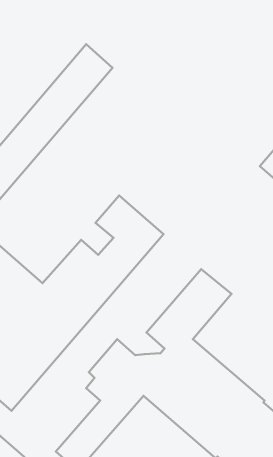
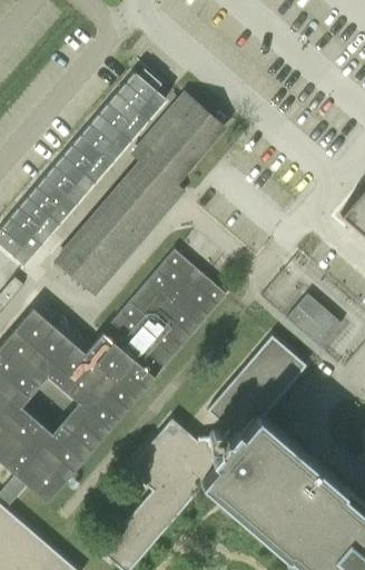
building: none -> [57,95,224,294]
building: none -> [287,295,343,348]

